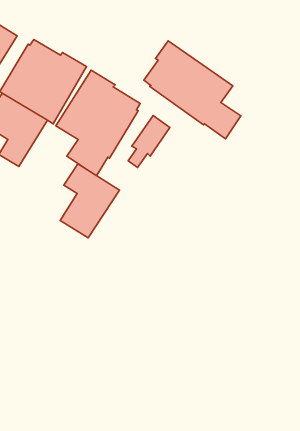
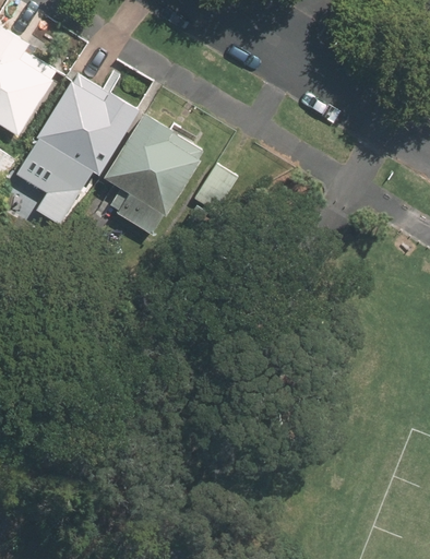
building: [144,41,241,139] -> none
building: [60,164,120,238] -> none

